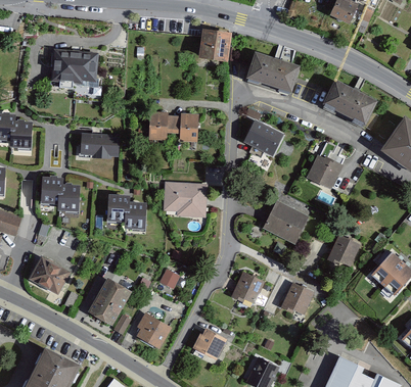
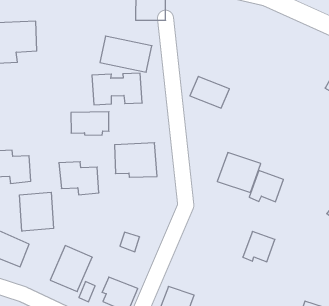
building: [246,51,300,91] -> [100,36,152,72]
building: [323,80,378,126] -> none
building: [79,134,119,159] -> [71,112,109,135]
building: [306,155,342,191] -> none
building: none -> [20,192,54,231]
building: [326,234,362,267] -> [249,171,283,202]
building: [229,272,264,304] -> none

